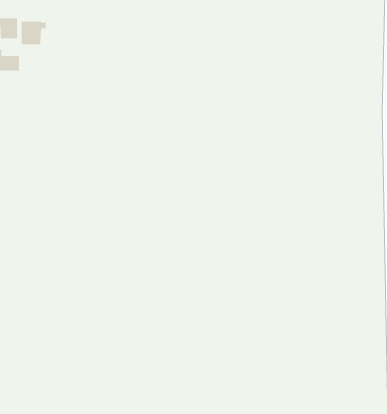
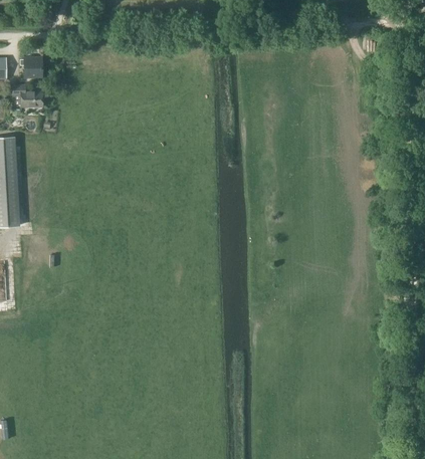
building: [21,21,46,45] -> none

